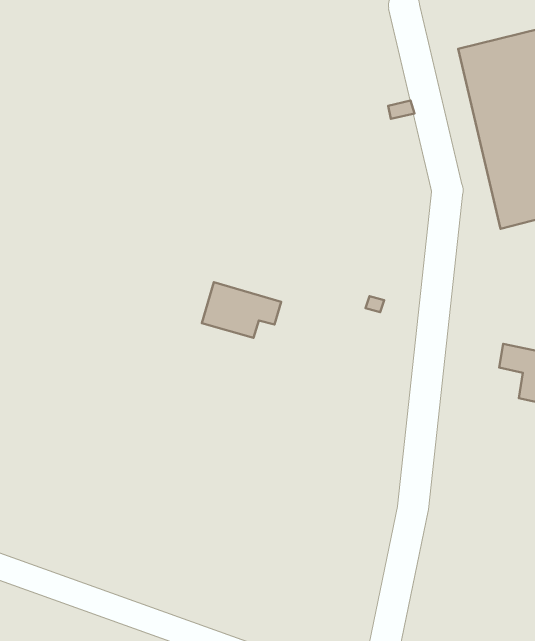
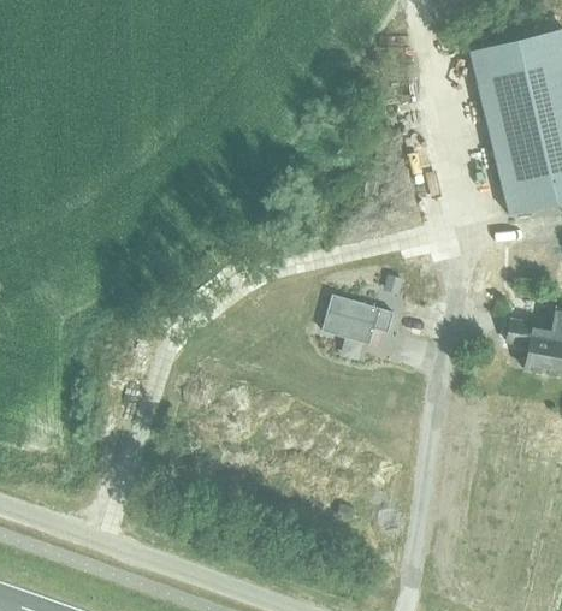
building: [202,282,281,338] -> [323,293,395,344]

